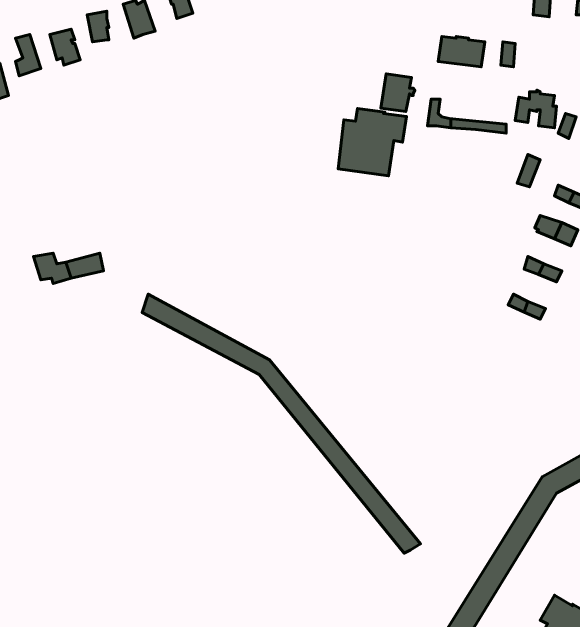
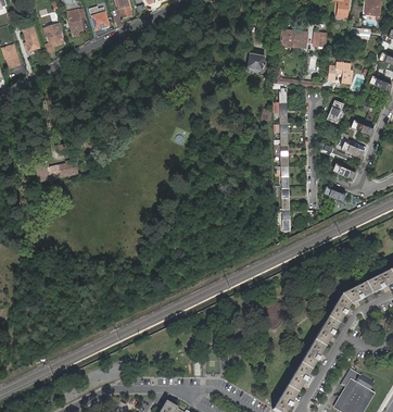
building: [338,108,406,176] -> none
building: [142,294,421,553] -> none

